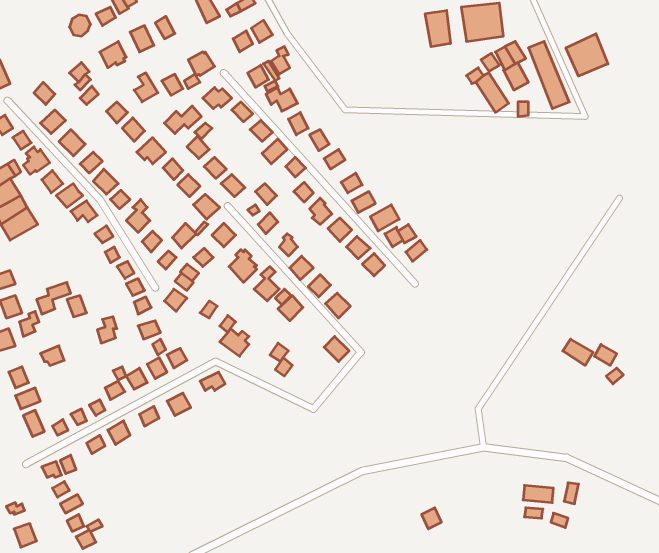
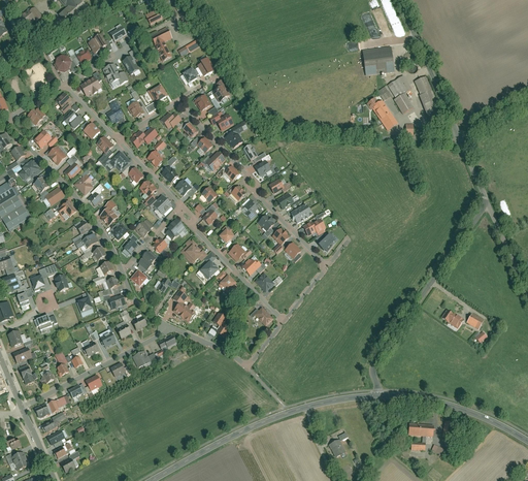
building: [425,10,450,47] -> none
building: [566,34,608,76] -> none

